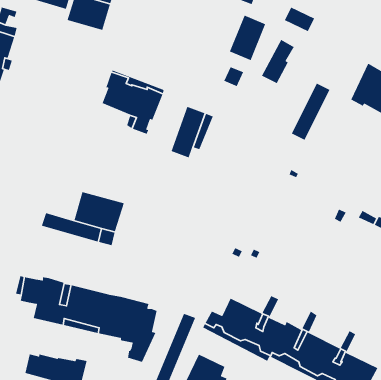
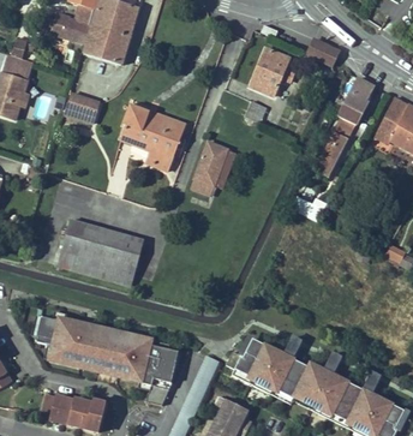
building: [261,39,295,84] -> [339,77,373,124]
building: none -> [65,92,100,123]
building: none -> [62,220,100,258]

